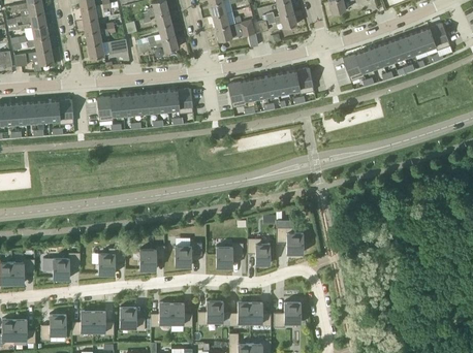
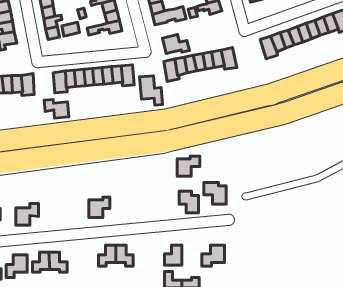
building: none -> [162,34,189,54]
building: none -> [140,76,163,105]
building: none -> [44,99,69,118]
building: [175,243,201,266] -> none
building: [216,244,243,267] -> [177,156,200,176]
building: [98,248,125,275] -> none
building: [198,300,223,325] -> none
building: [250,302,271,326] -> none
building: [120,307,145,330] -> none

